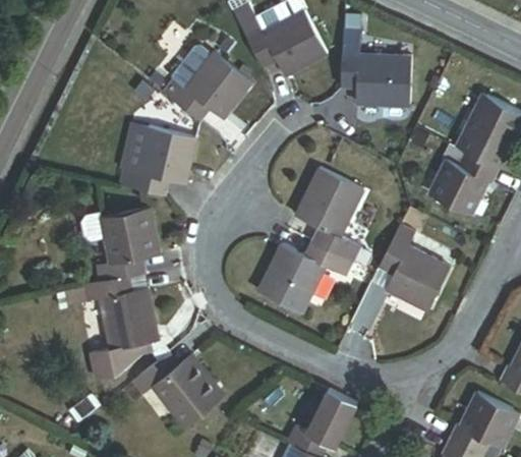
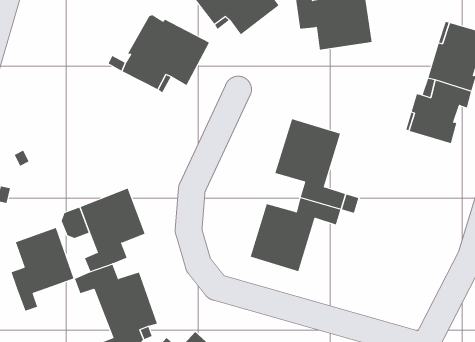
building: [120,121,196,193] -> none
building: [382,224,449,309] -> none
building: none -> [11,227,74,311]

